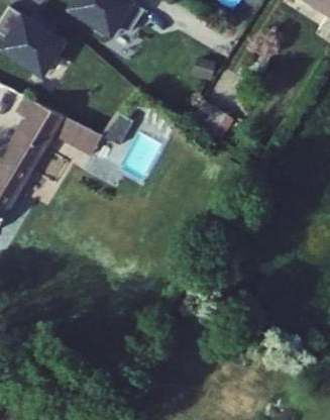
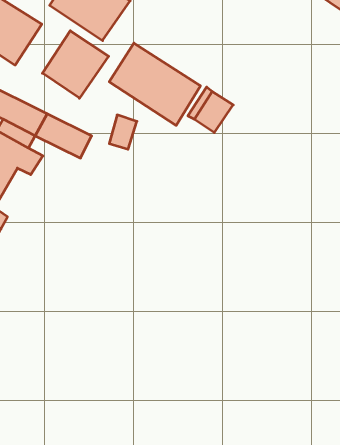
building: none -> [42,31,109,98]
building: none -> [109,43,200,125]

